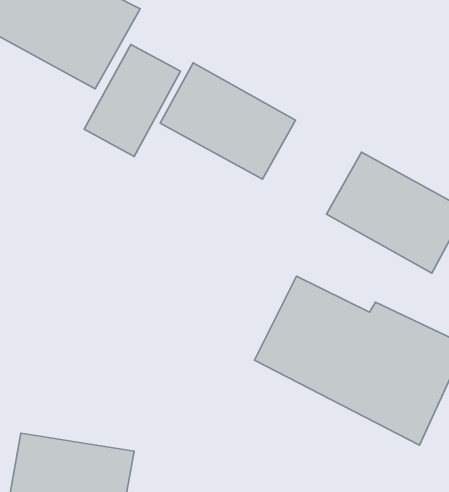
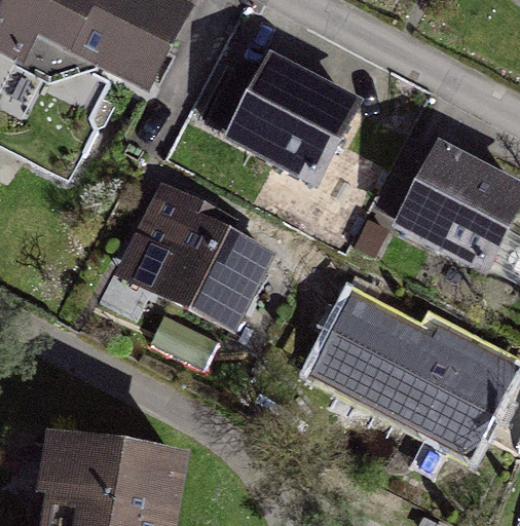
building: [84,44,180,157] -> none
building: none -> [121,193,266,331]

